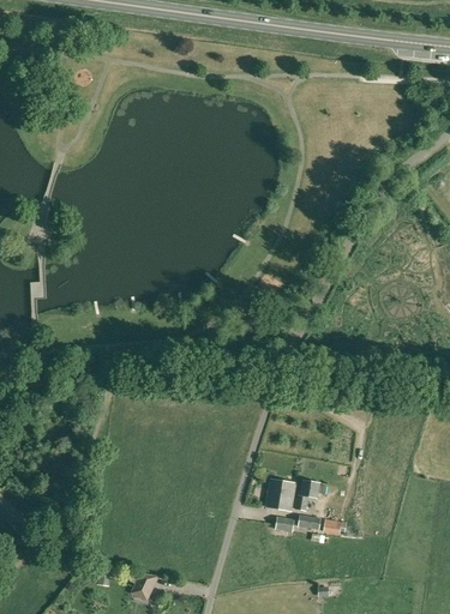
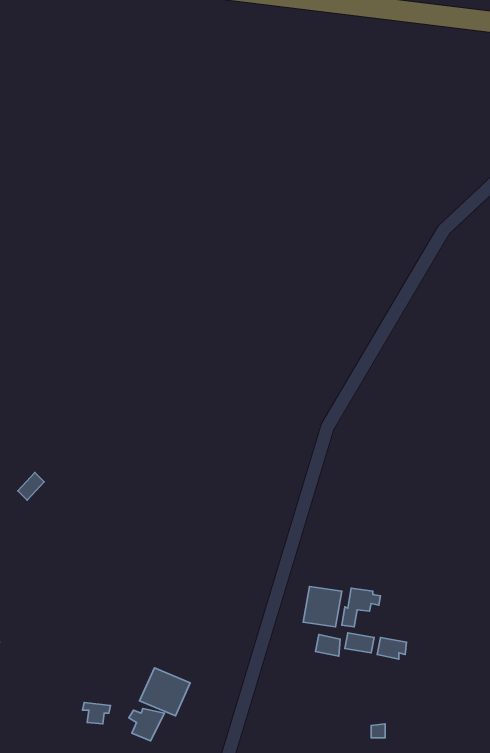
building: none -> [140,668,190,716]

